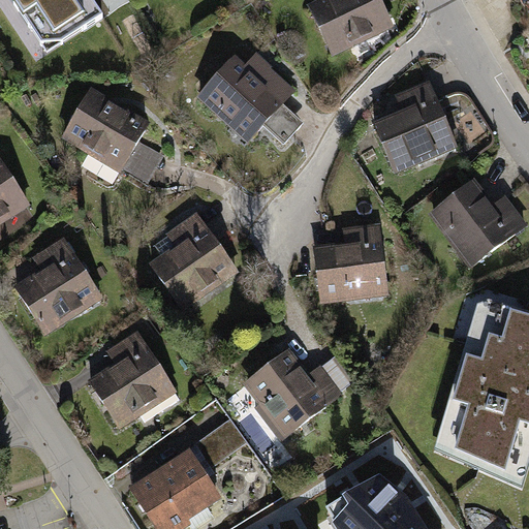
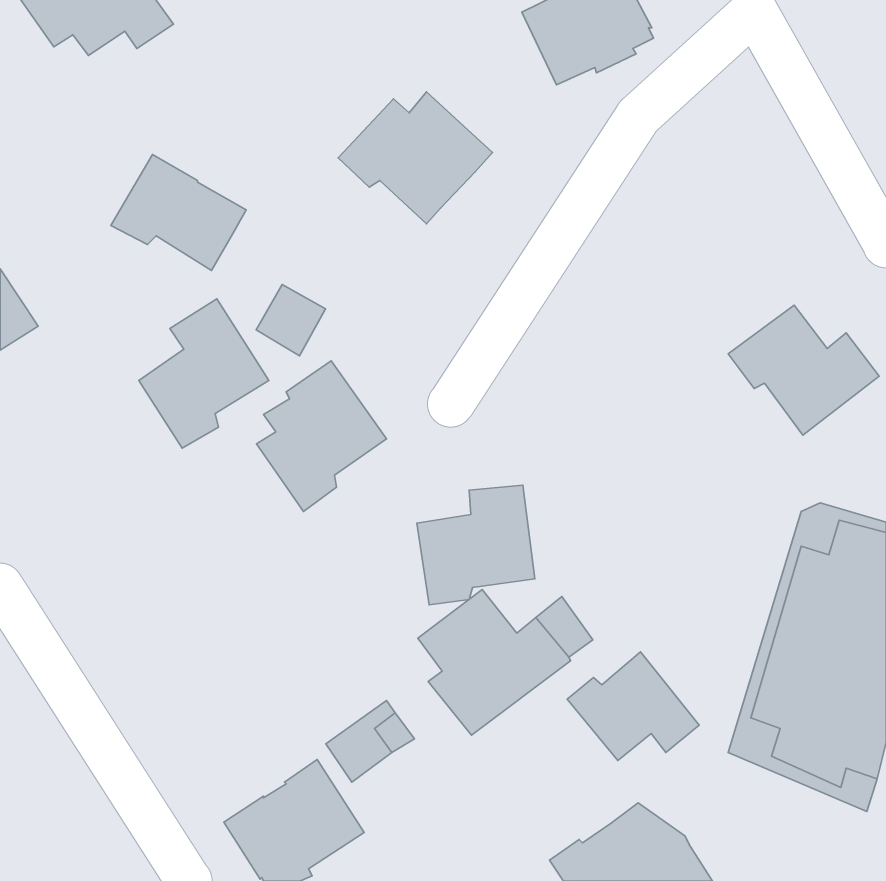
building: [375,83,457,167] -> none
building: [262,102,304,144] -> none
building: [123,139,164,182] -> [256,285,325,356]
building: [315,226,385,298] -> [417,485,535,605]
building: [18,240,95,329] -> [139,299,269,448]
building: [91,334,179,423] -> none
building: none -> [567,652,699,761]

